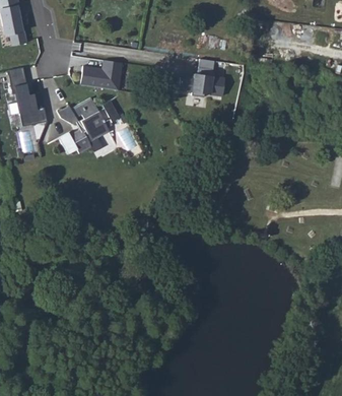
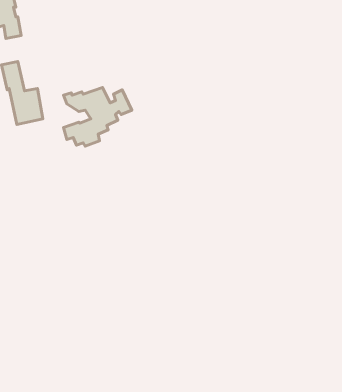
building: [190,59,224,97] -> none
building: [78,61,123,90] -> none

